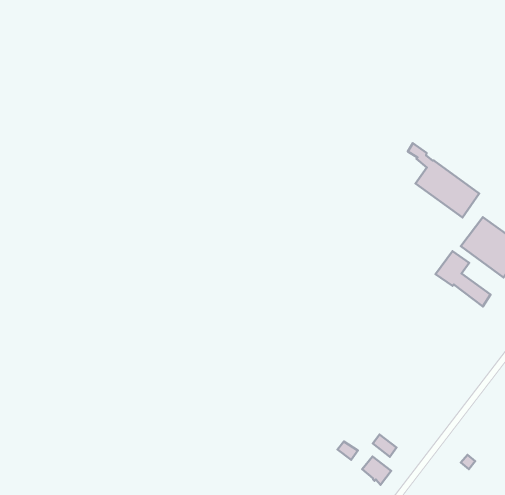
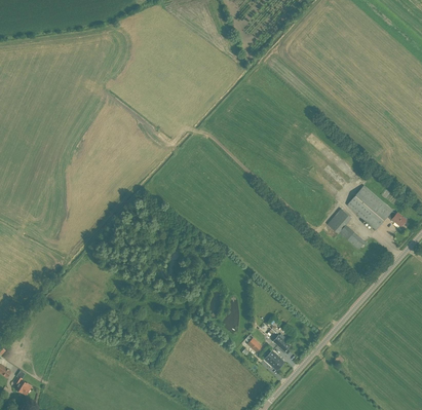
building: [408,143,479,218] -> none

